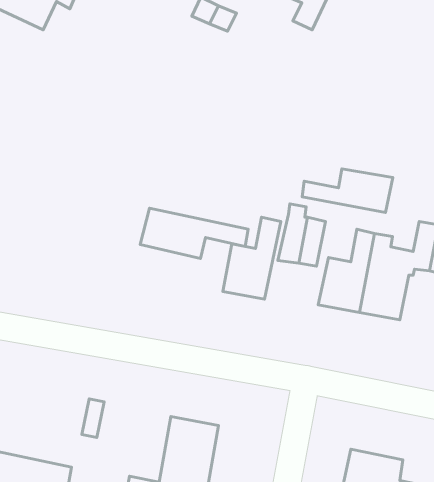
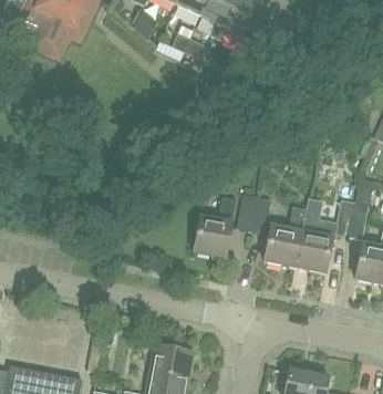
building: [302,169,393,213] -> none
building: [140,208,248,258] -> none

